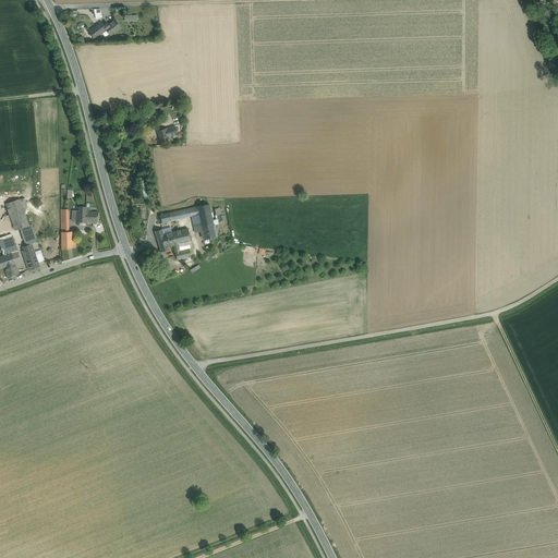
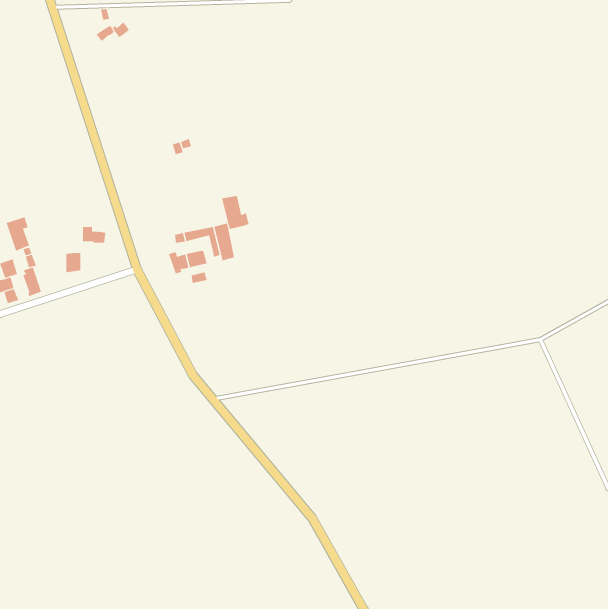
building: none -> [221,195,249,230]

